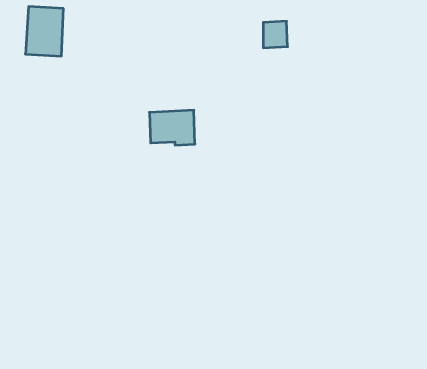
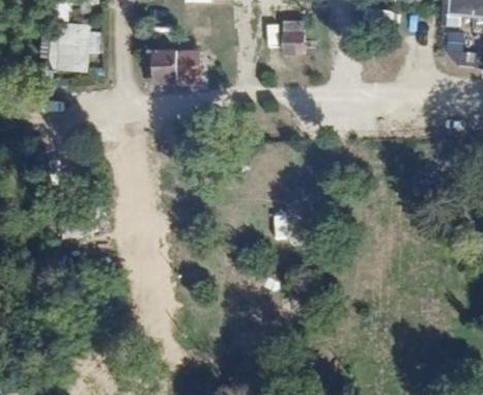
building: [149,110,195,145] -> [152,48,197,82]

